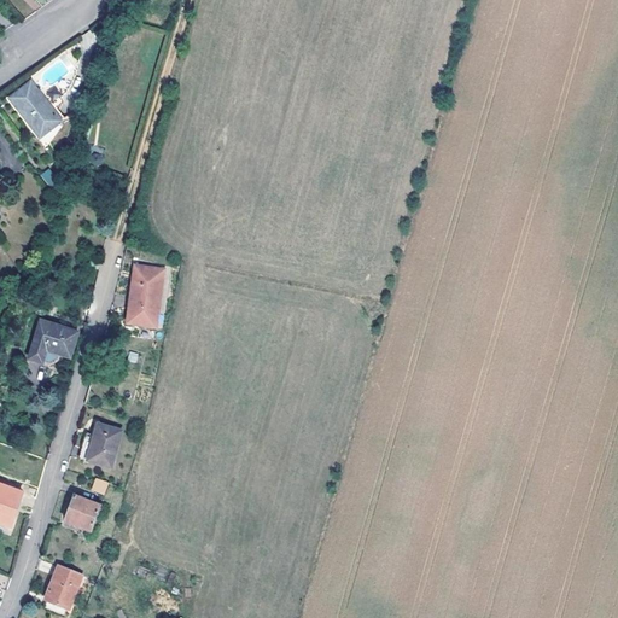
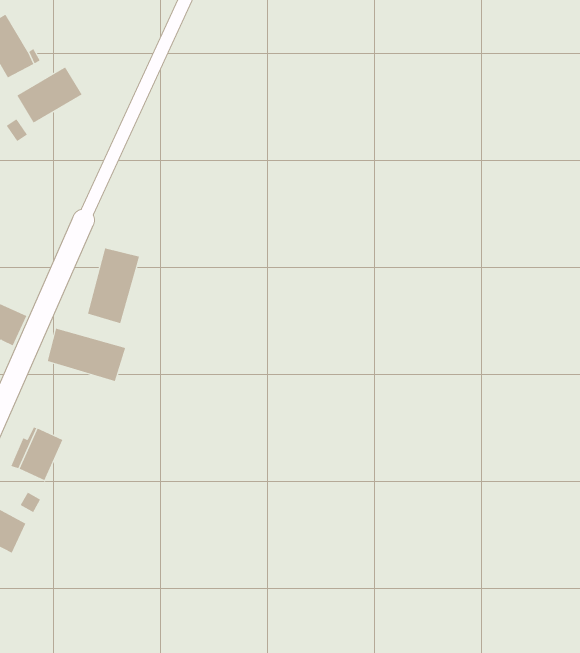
building: none -> [16,67,82,123]
building: none -> [47,328,126,382]

